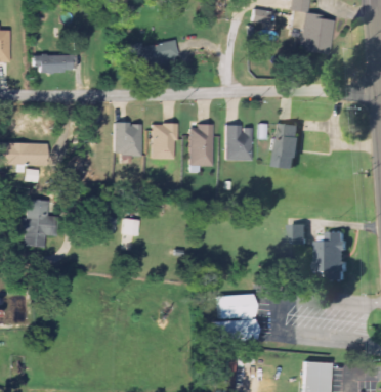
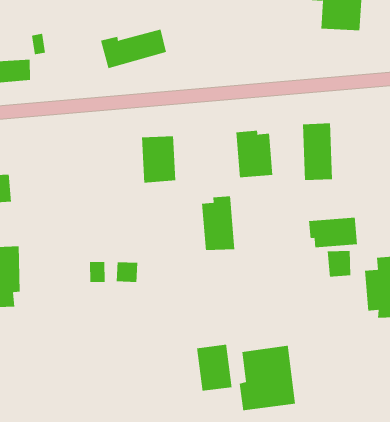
building: [114,123,142,156] -> none
building: [189,124,213,166] -> [201,196,235,251]
building: none -> [309,217,357,248]
building: none -> [196,344,232,392]

